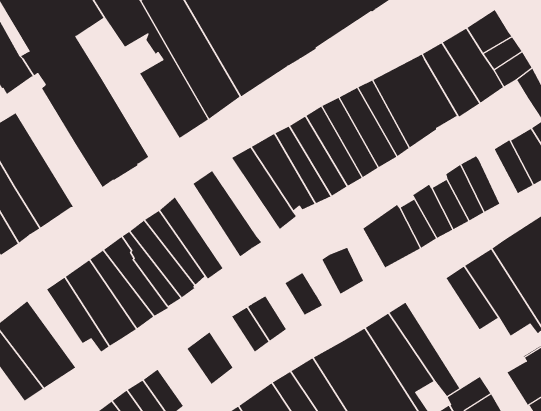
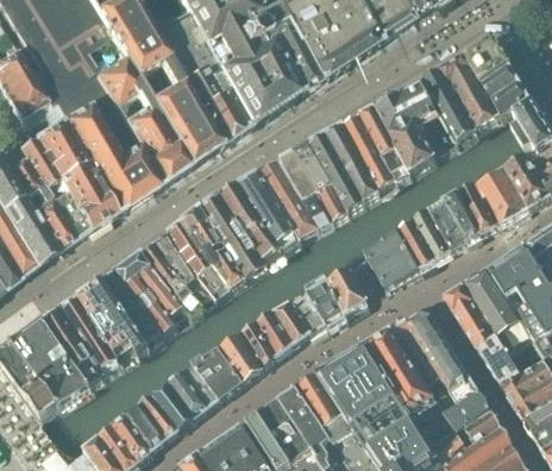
building: none -> [90,46,189,180]
building: none -> [24,100,115,227]
building: none -> [477,172,514,225]
building: none -> [221,181,281,256]
building: none -> [186,206,247,287]
building: none -> [308,278,344,322]
building: none -> [272,301,309,345]
building: none -> [44,307,114,382]
building: none -> [407,310,478,402]
building: none -> [219,333,262,382]
building: none -> [477,334,522,387]
building: none -> [169,364,220,419]

